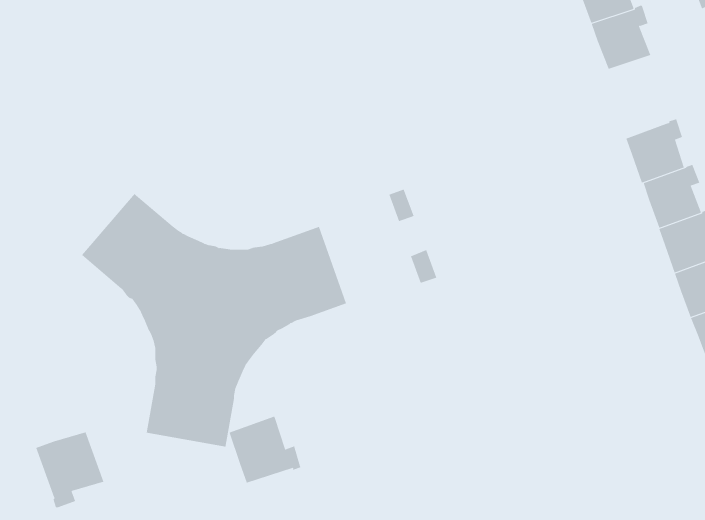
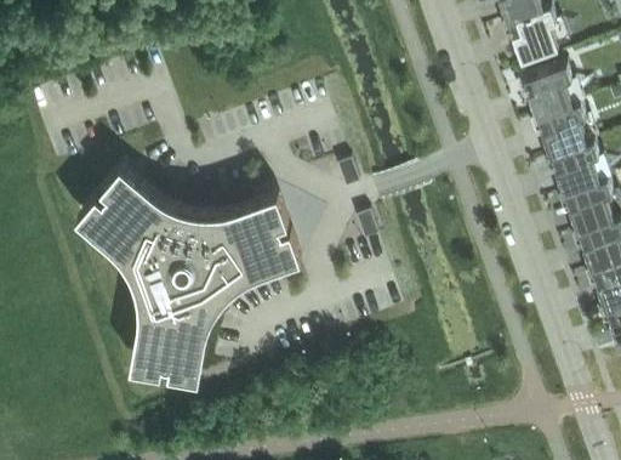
building: none -> [525,72,575,126]
building: [229,416,302,484] -> none
building: [36,431,104,508] -> none

